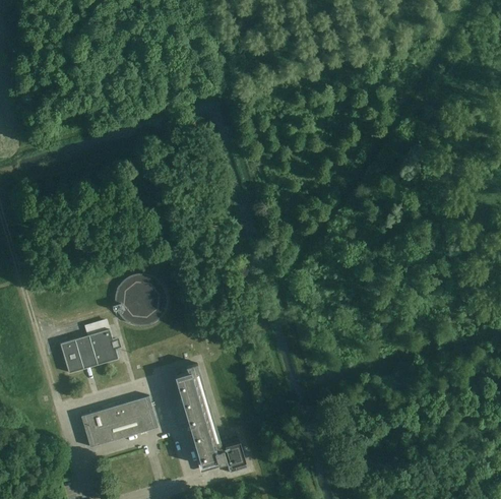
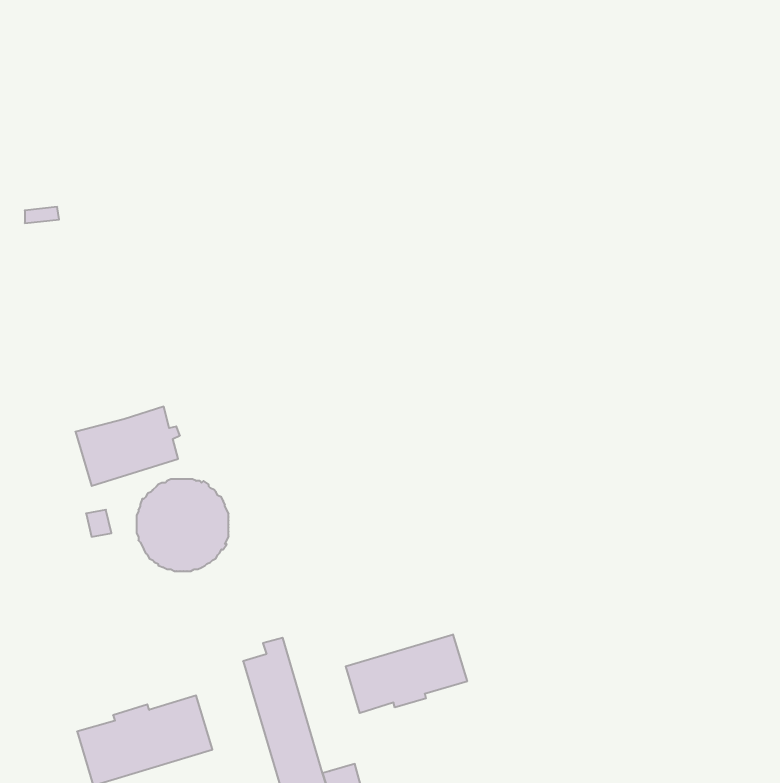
building: [58,329,117,374] -> [75,407,180,486]
building: none -> [346,634,467,713]

